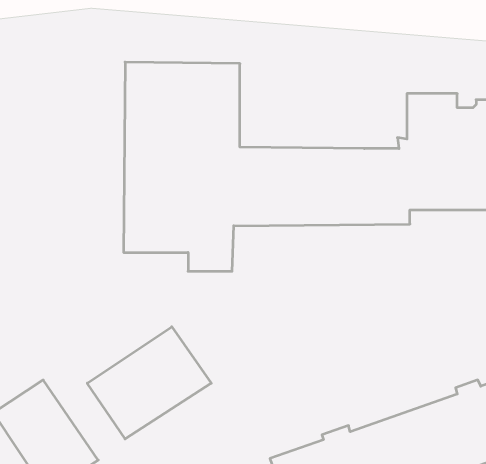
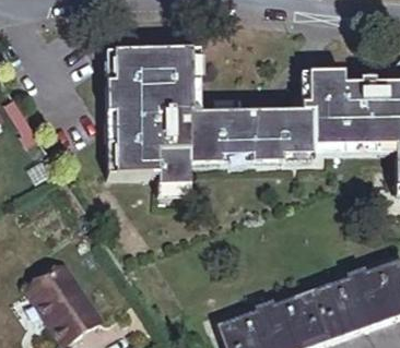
building: [87,327,211,439] -> none

